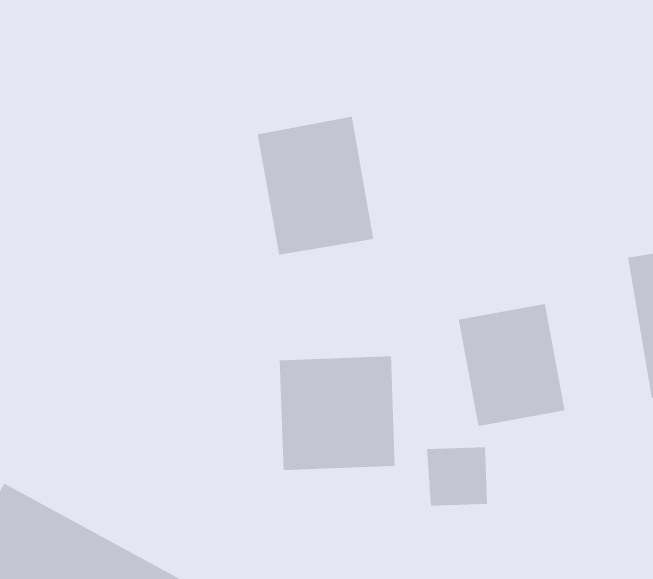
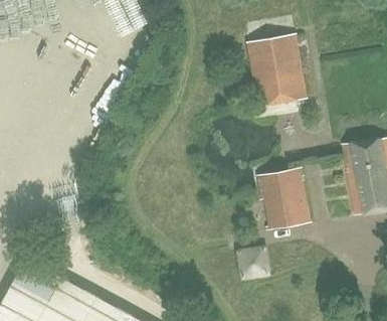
building: [257,116,374,255] -> [246,34,306,105]
building: [279,355,396,471] -> none

